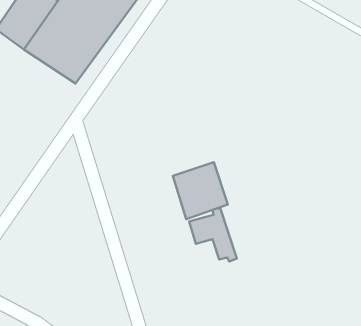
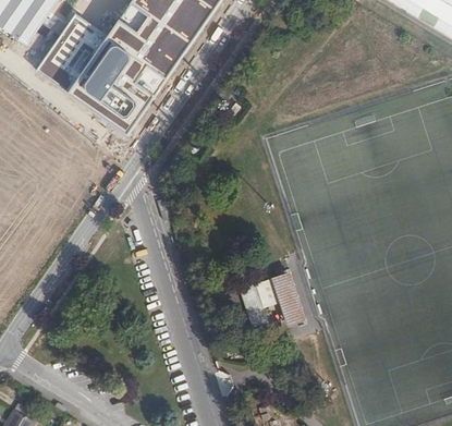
building: [173,162,228,219] -> none

